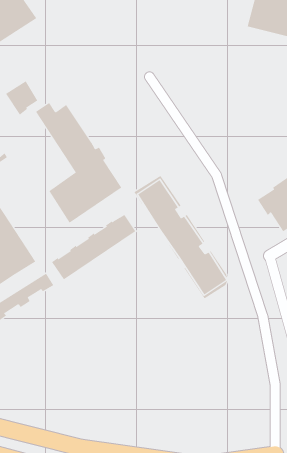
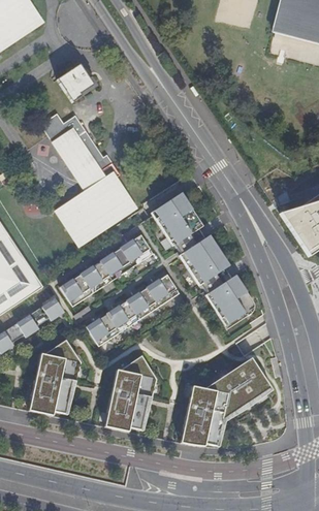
building: [5,81,38,116] -> [57,63,93,101]
building: none -> [86,274,179,346]
building: none -> [29,340,79,414]
building: none -> [103,355,156,429]
building: none -> [181,355,273,446]

